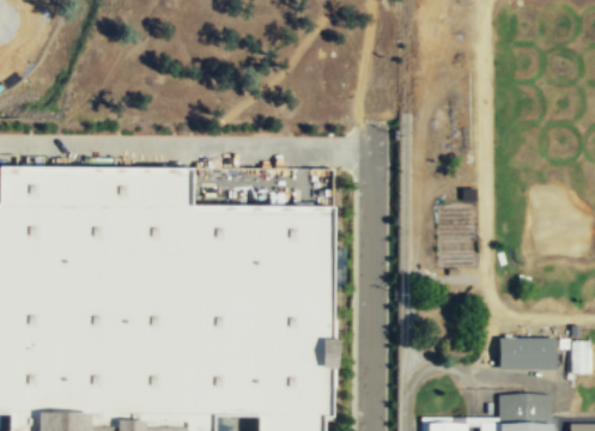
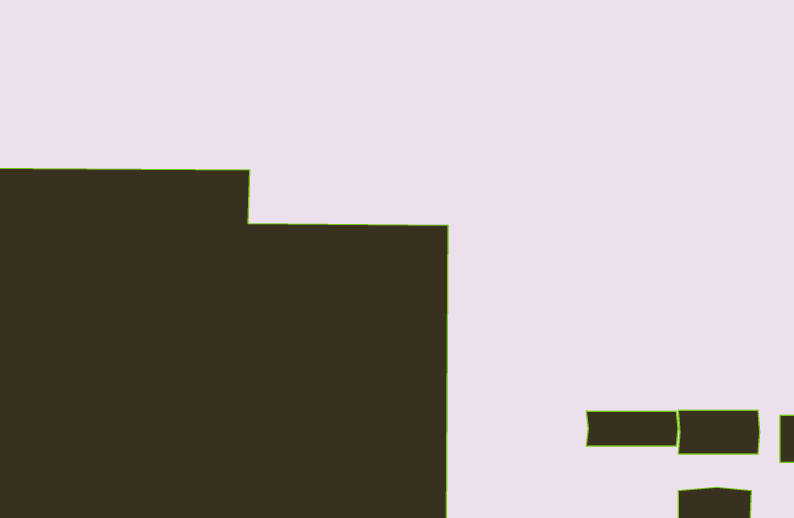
building: none -> [587,411,678,446]

